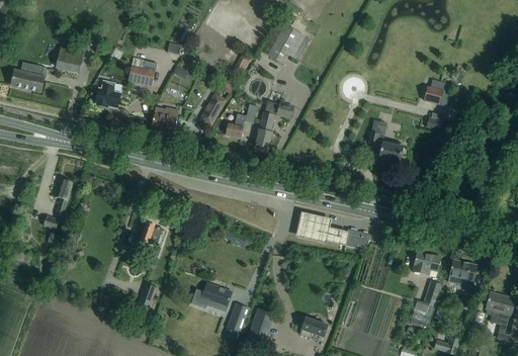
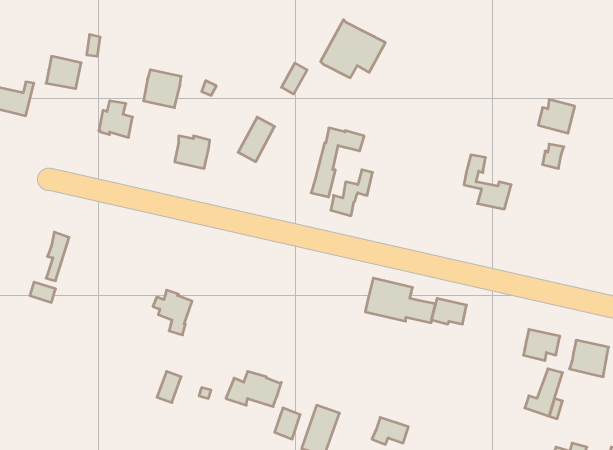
building: [226,104,257,139] -> [331,170,373,216]

